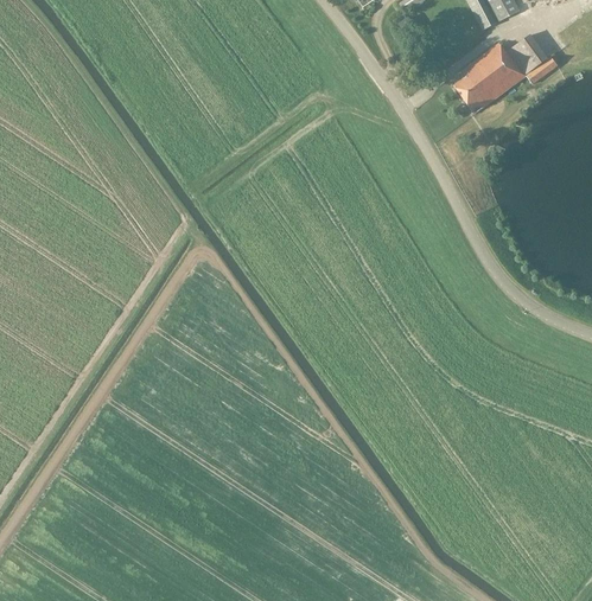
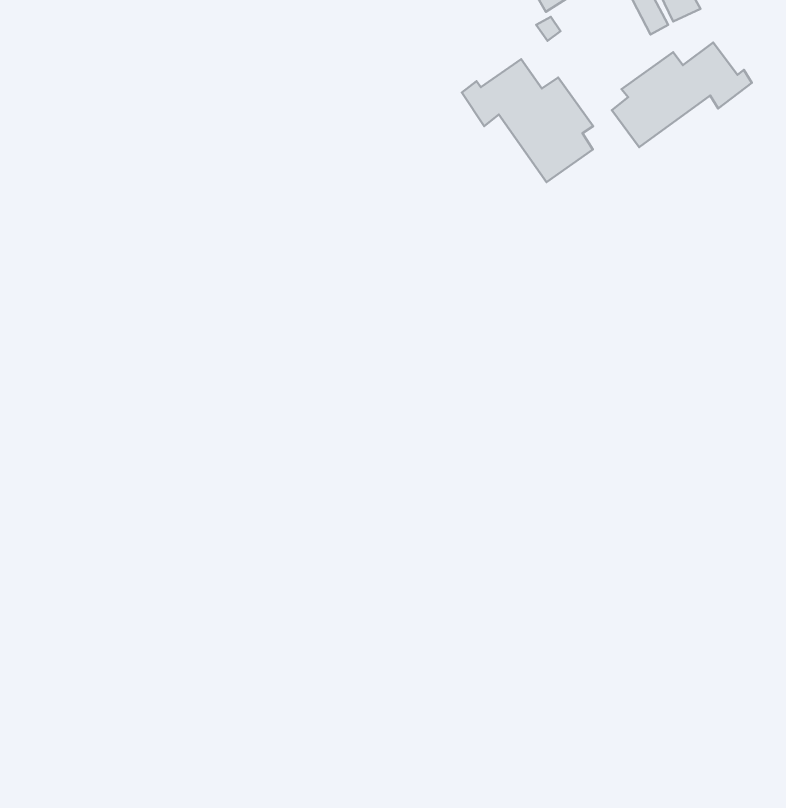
building: none -> [462,59,593,182]

